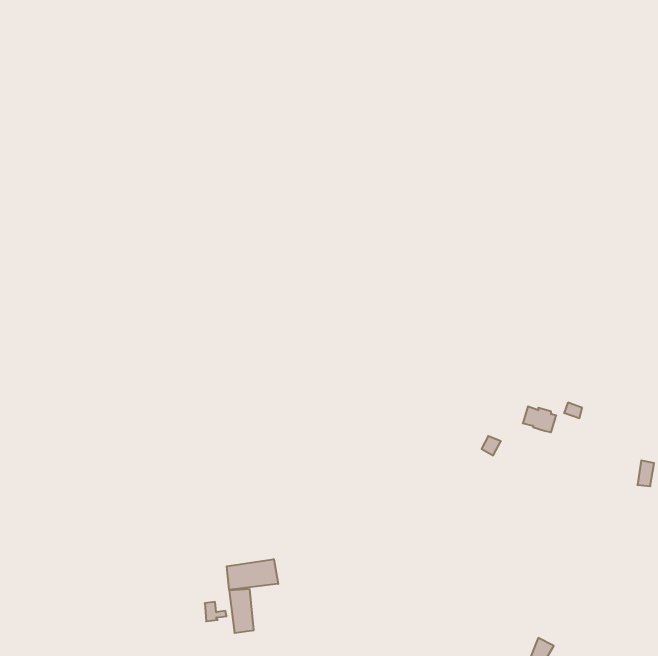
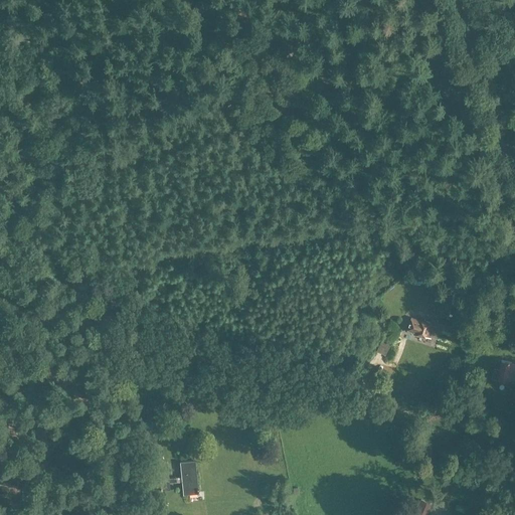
building: [227,559,278,590] -> none

